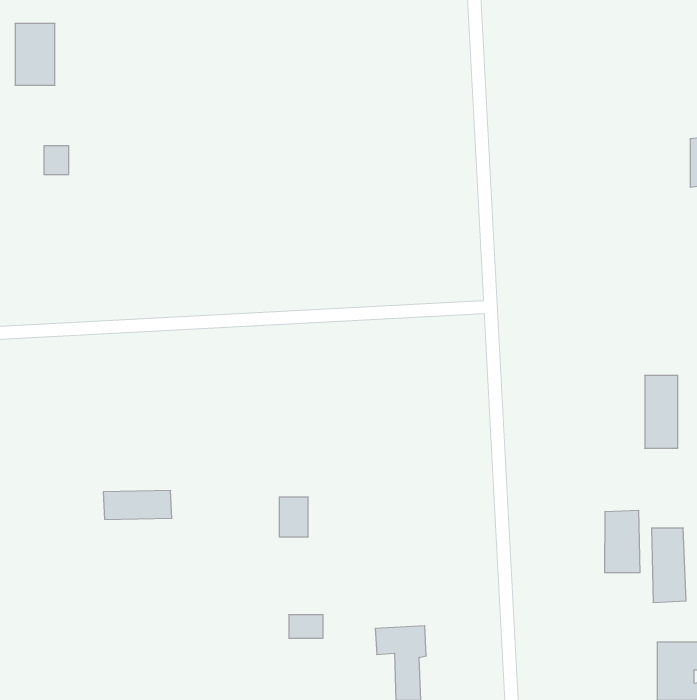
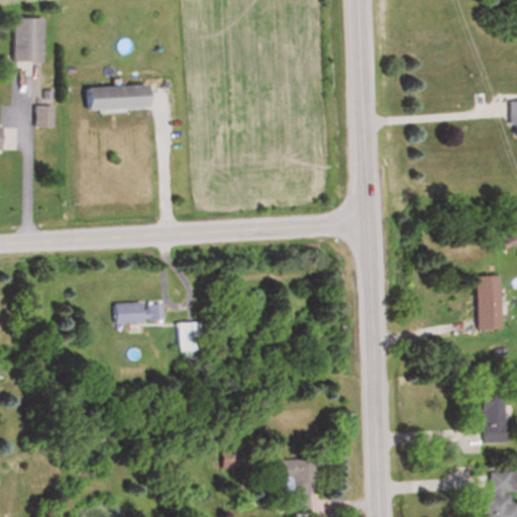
building: none -> [87,86,149,110]
building: [103,491,172,519] -> [116,302,167,323]
building: [279,497,308,537] -> [180,323,201,352]
building: [605,510,640,573] -> none

